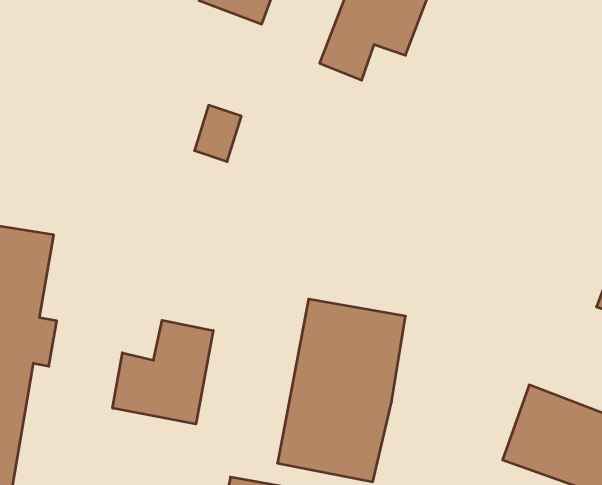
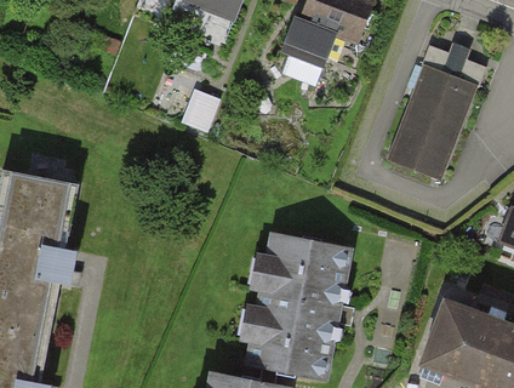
building: none -> [389,46,485,178]
building: [113,320,213,424] -> none

